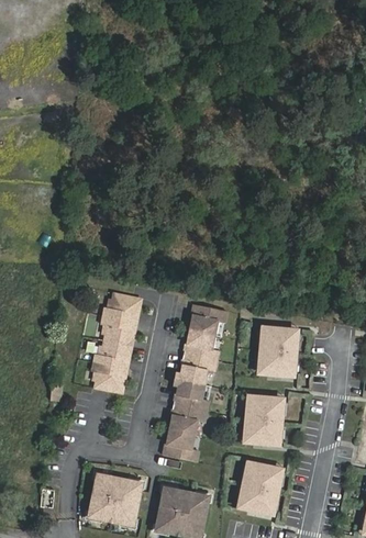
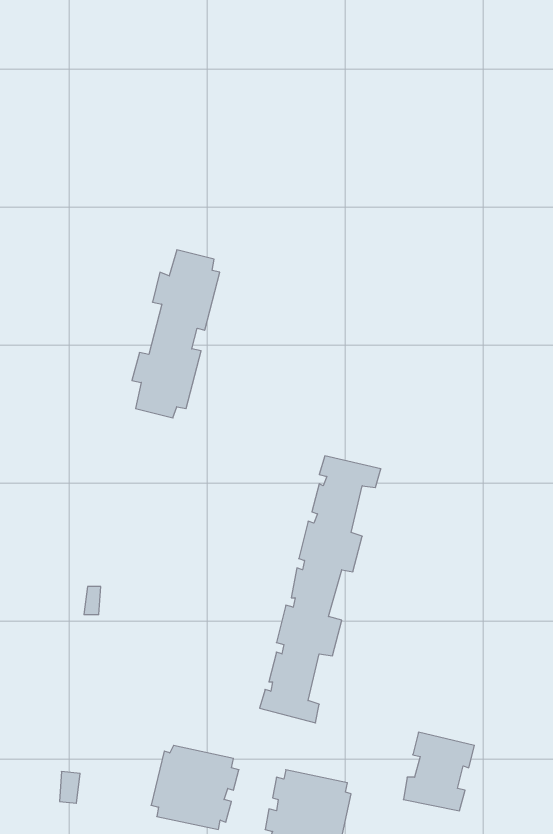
building: [89,289,141,388] -> [132,250,220,418]
building: [259,332,297,373] -> none
building: [246,401,284,444] -> none

